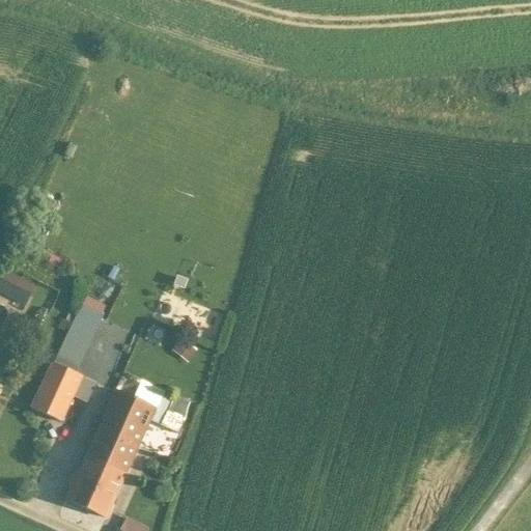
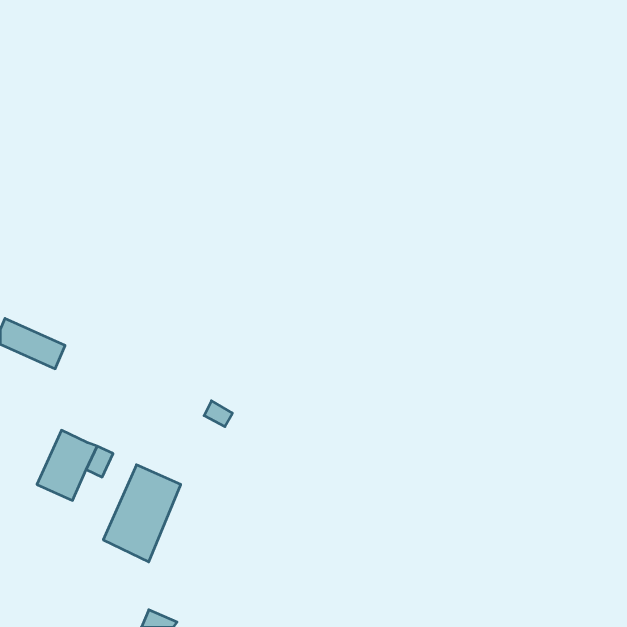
building: [53,309,100,373] -> none
building: [69,455,127,518] -> none

